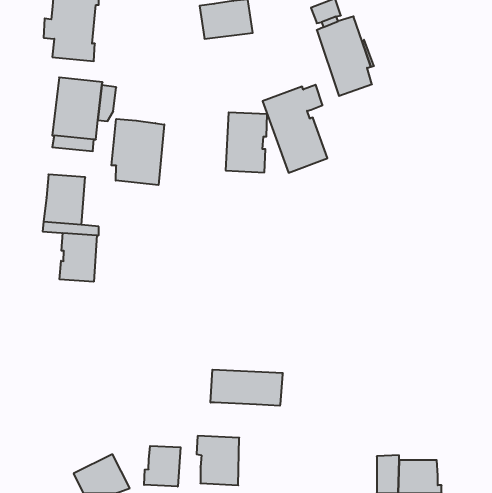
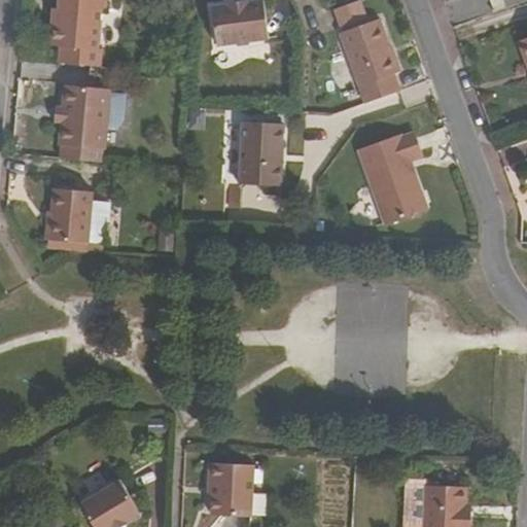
building: [263,85,327,173] -> [357,133,426,226]
building: [111,119,164,185] -> none
building: [60,233,97,282] -> none
building: [211,370,283,406] -> none
building: [144,446,181,487] -> none

